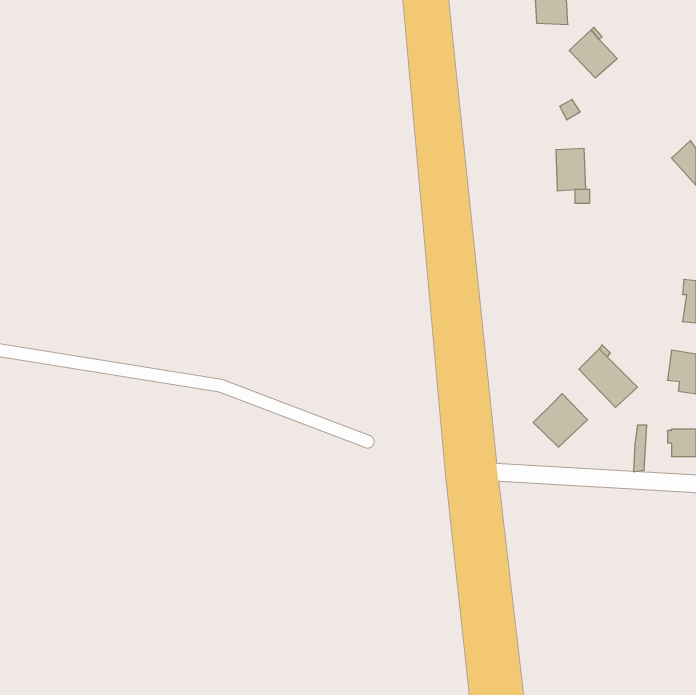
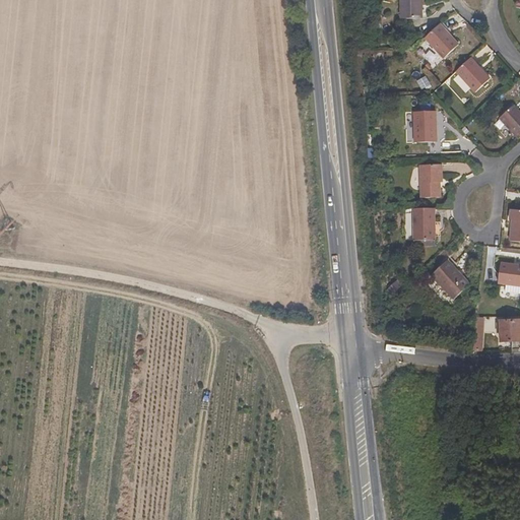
building: none -> [455,57,492,92]
building: none -> [420,165,442,197]
building: none -> [414,208,435,239]
building: [533,394,588,447] -> none

